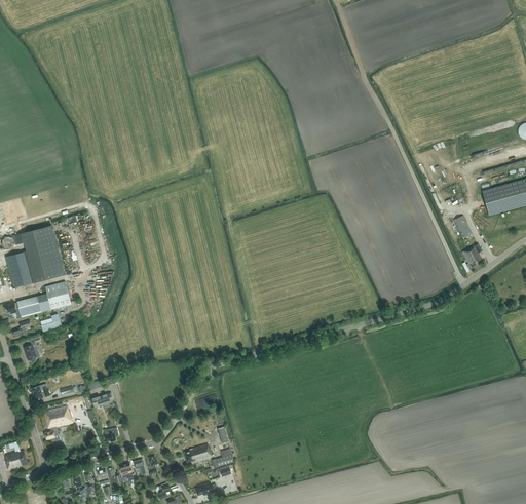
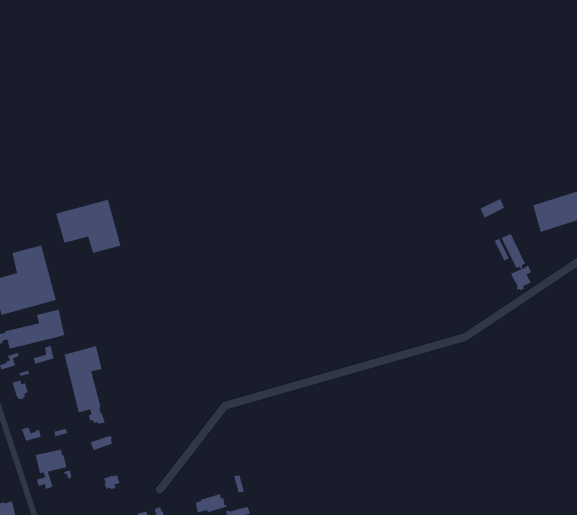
building: none -> [55,199,121,254]
building: none -> [63,345,106,425]

